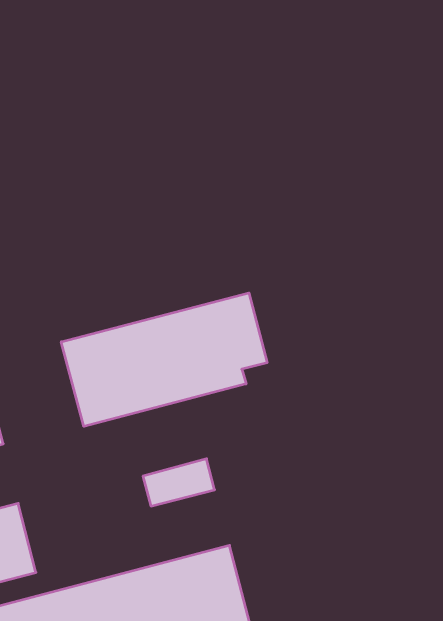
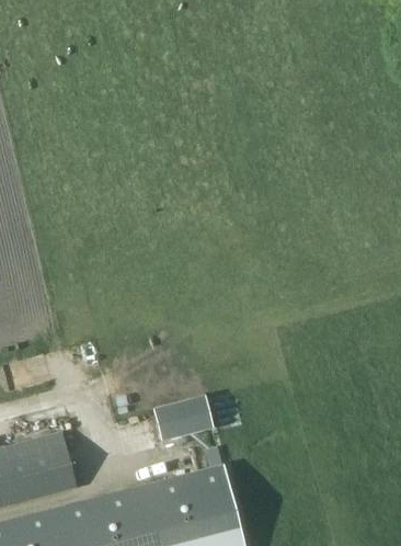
building: [61,293,267,426] -> none

